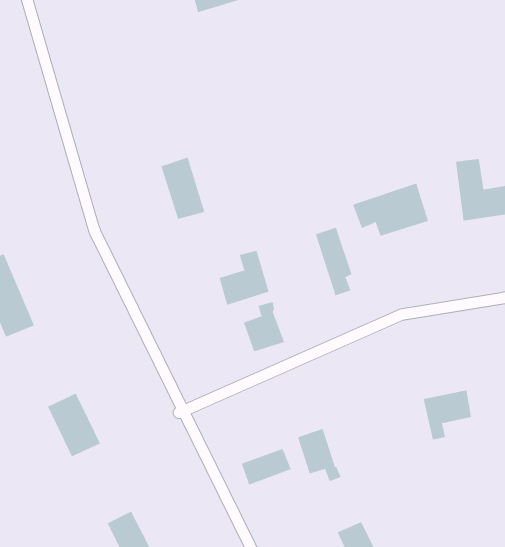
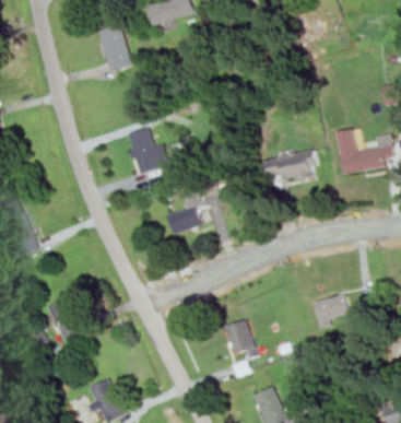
building: none -> [96,25,128,71]
building: [315,227,352,296] -> none
building: [243,301,285,352] -> none
building: [241,448,291,486] -> none

